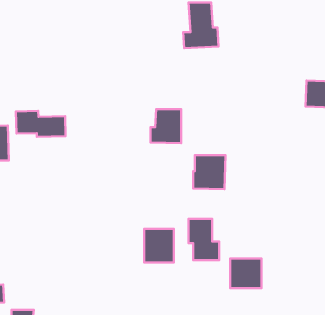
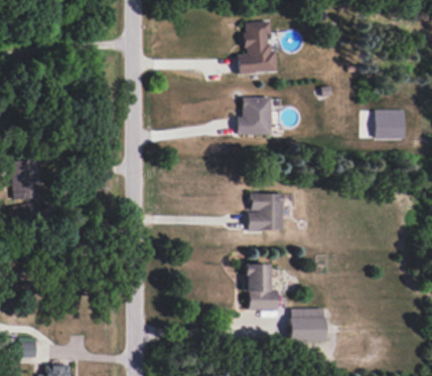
building: [151,109,181,143] -> [238,98,272,136]
building: [16,111,66,137] -> none
building: [144,229,174,262] -> none

